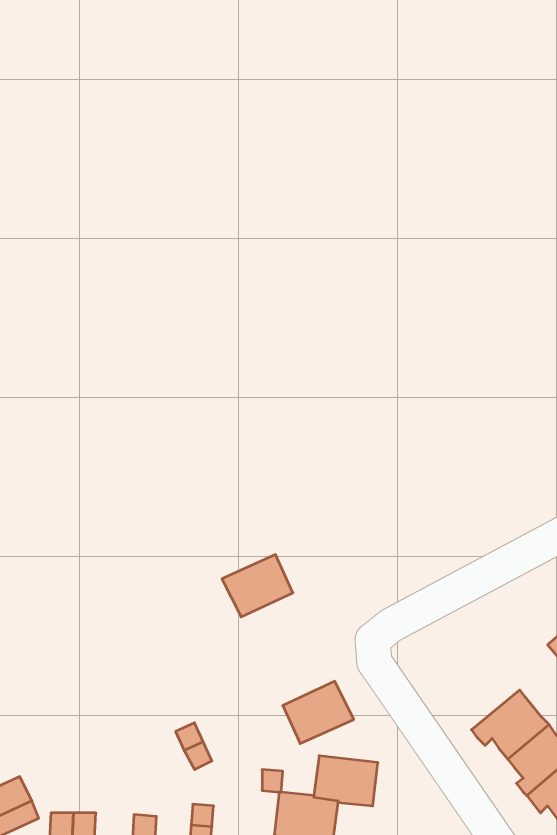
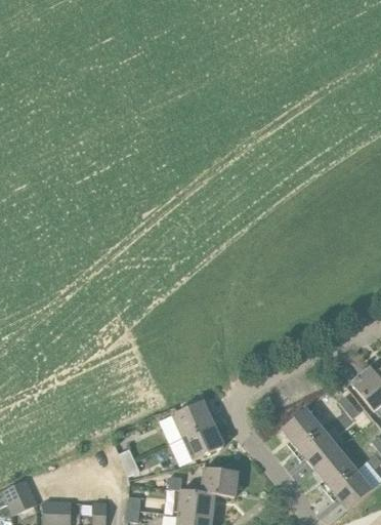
building: [222,555,293,617] -> [170,401,212,438]
building: none -> [282,409,322,452]

